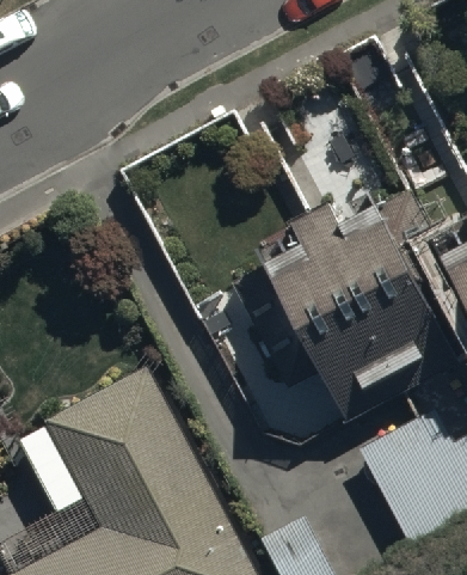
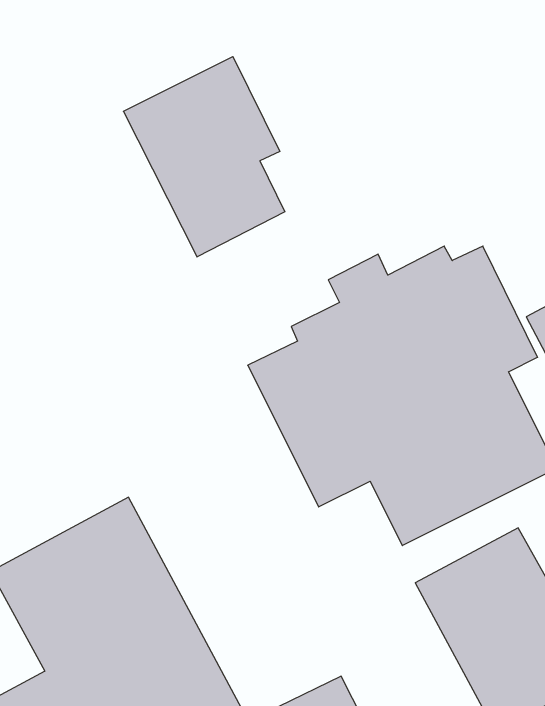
building: none -> [123,57,285,257]

